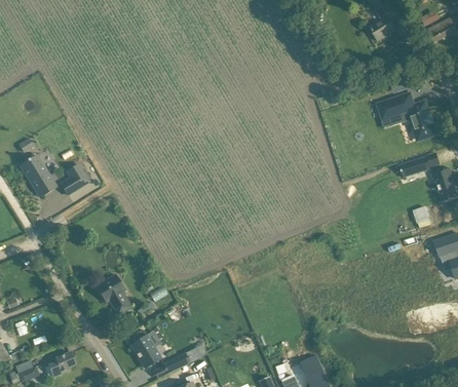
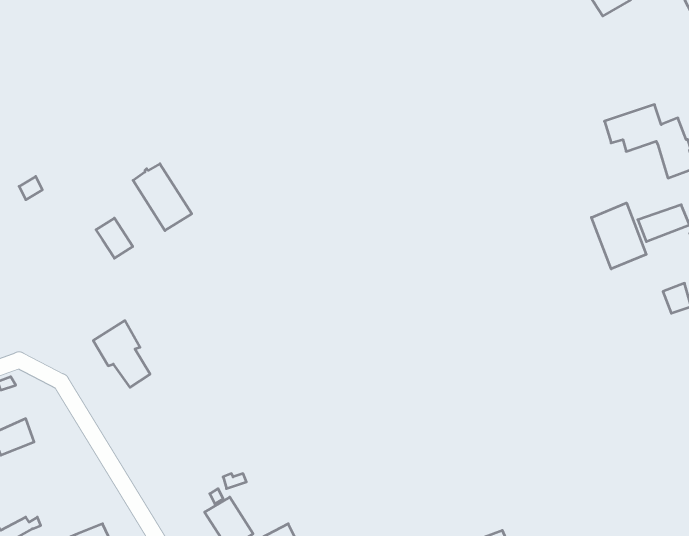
building: none -> [591,203,646,269]
building: [21,155,56,196] -> [133,164,192,231]
building: [97,273,131,314] -> [93,321,150,387]

